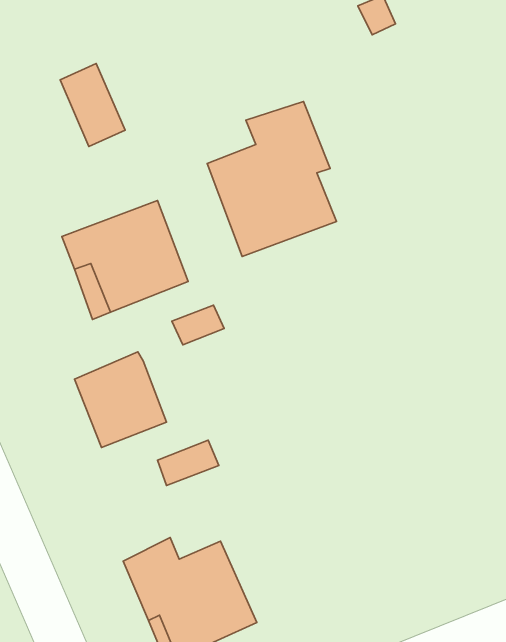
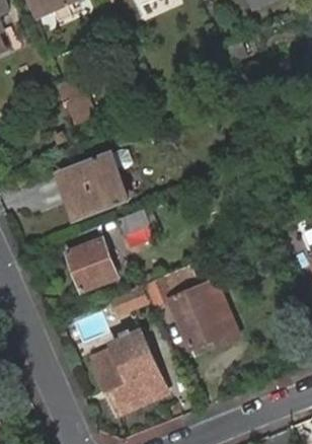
building: [207,101,337,256] -> none
building: none -> [147,277,237,347]

